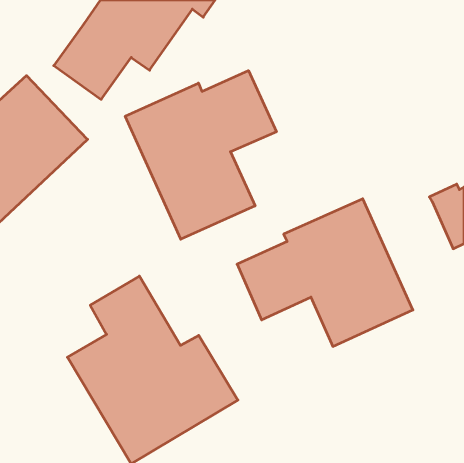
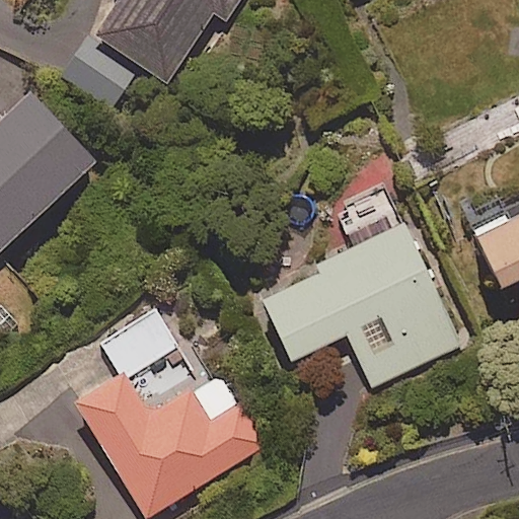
building: [125,71,276,239] -> none

